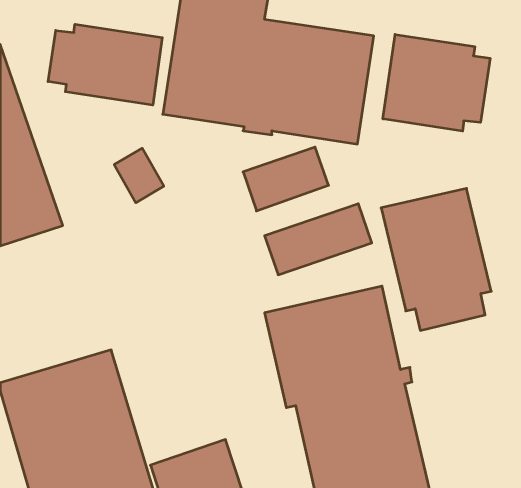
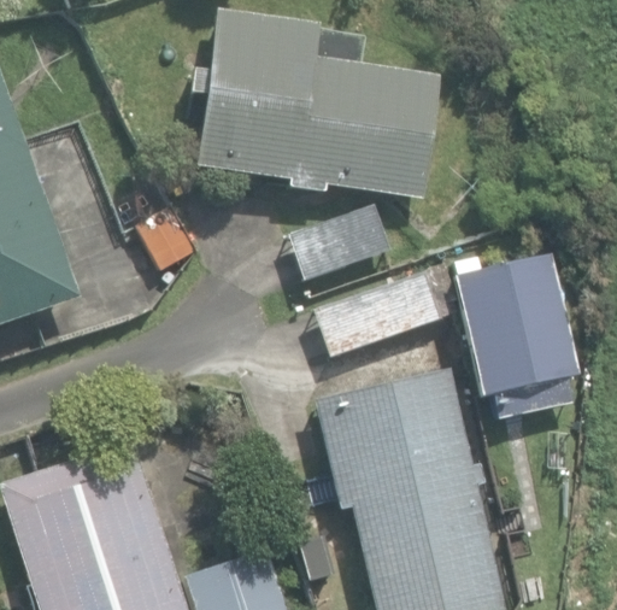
building: [48,24,162,105] -> none
building: [383,34,490,131] -> none

